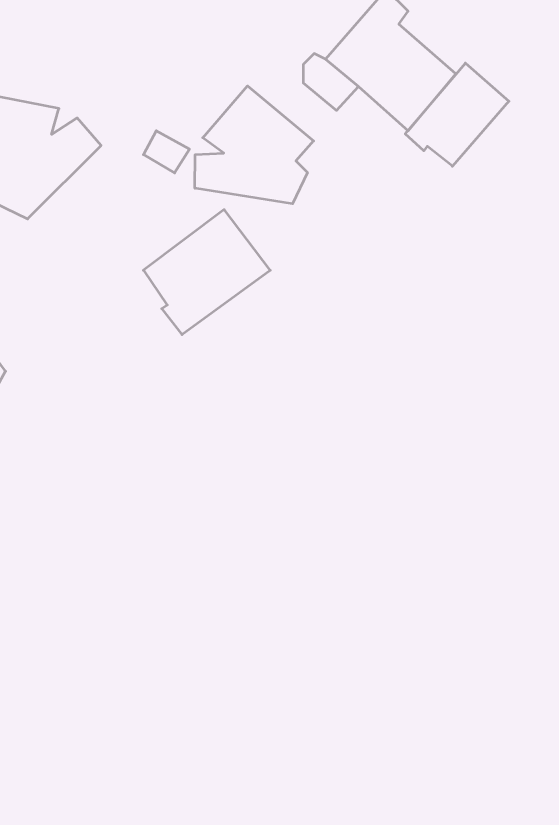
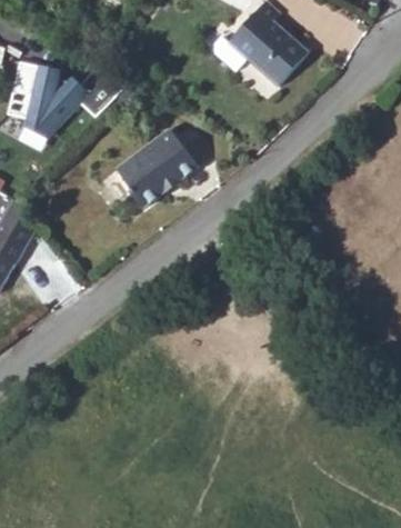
building: [405,63,509,166] -> none
building: [195,86,314,204] -> none

